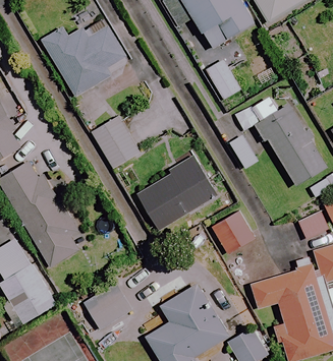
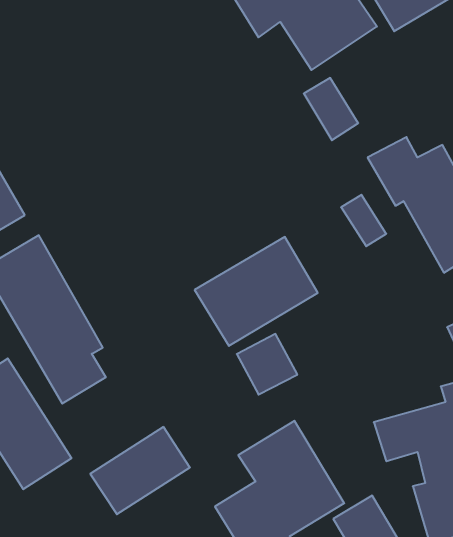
building: [41,18,126,98] -> none
building: [92,118,138,169] -> none
building: [213,213,253,252] -> [237,334,297,395]

